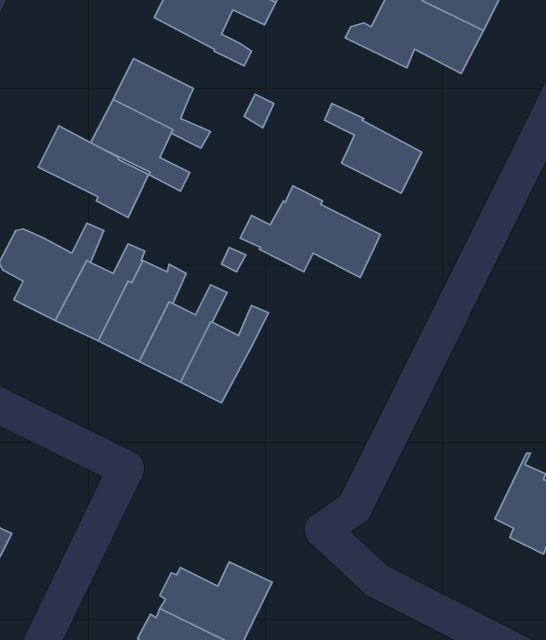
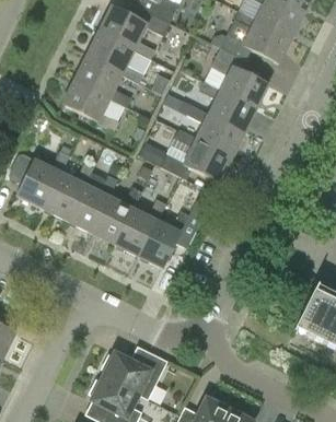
building: none -> [202,42,268,108]
building: [38,126,149,218] -> [86,30,151,83]
building: none -> [178,99,243,156]
building: none -> [138,210,202,267]

